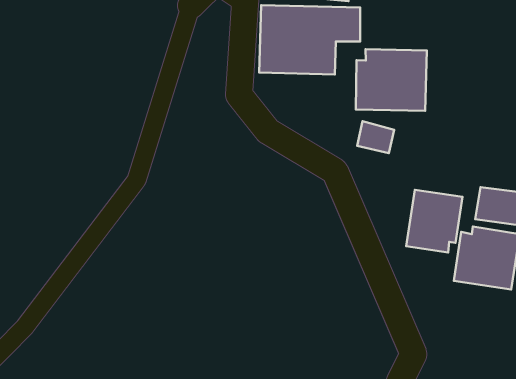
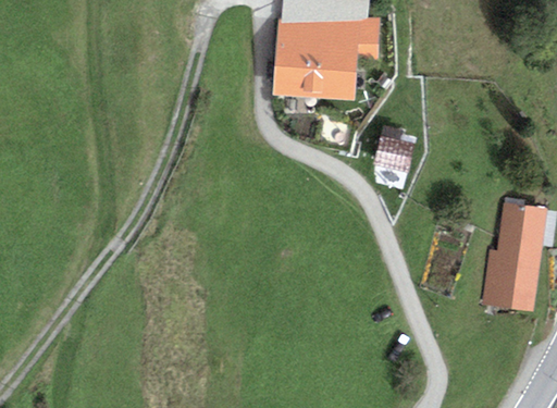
building: [356,49,427,111] -> none
building: [406,190,462,253] -> none

